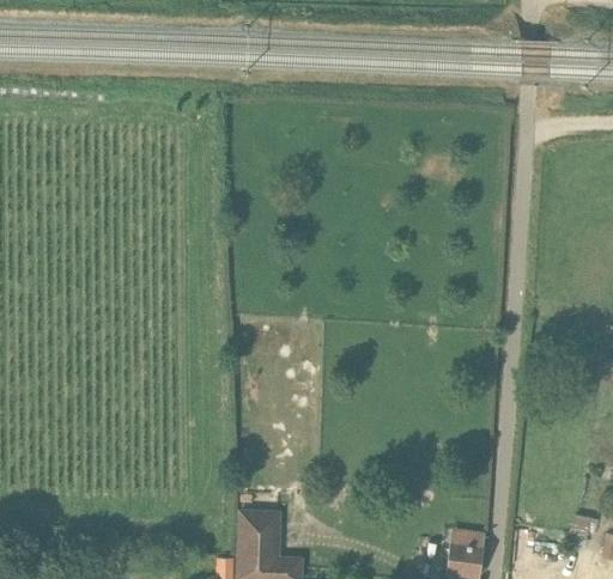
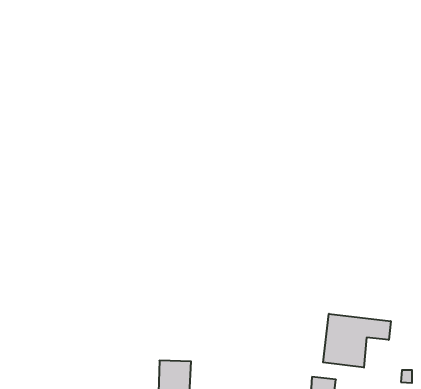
building: none -> [323,314,391,368]

